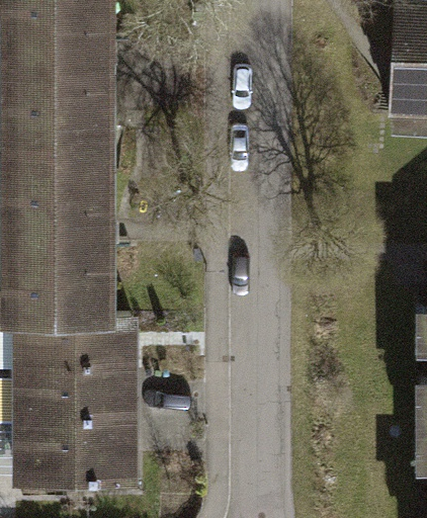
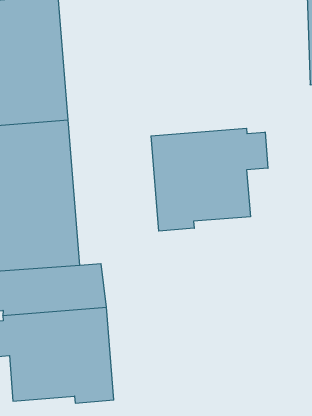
building: none -> [151,128,268,231]

